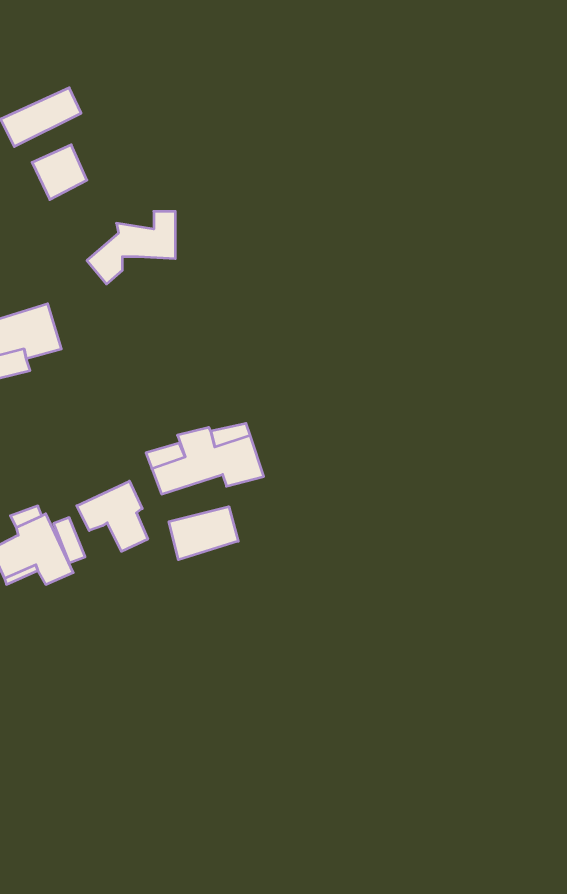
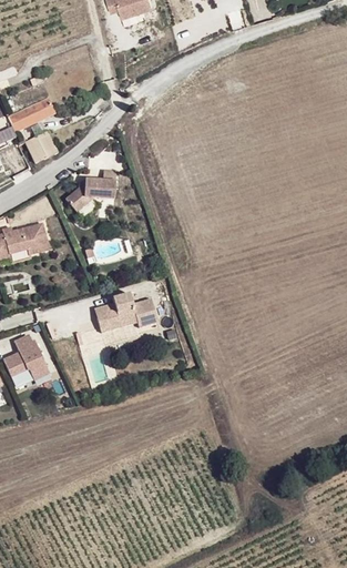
building: [77,481,148,551] -> none
building: [169,507,238,560] -> none

